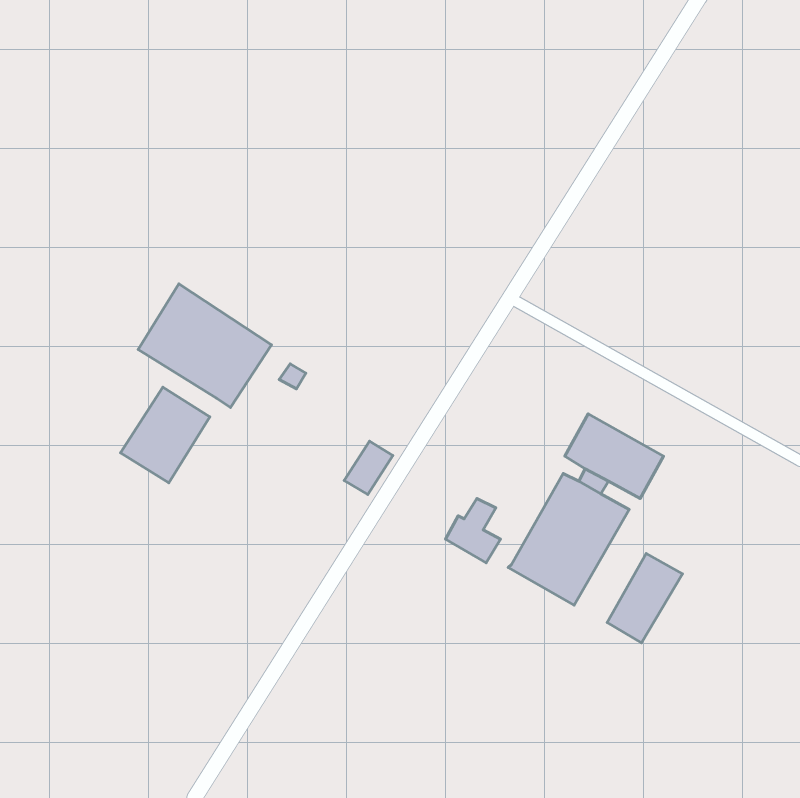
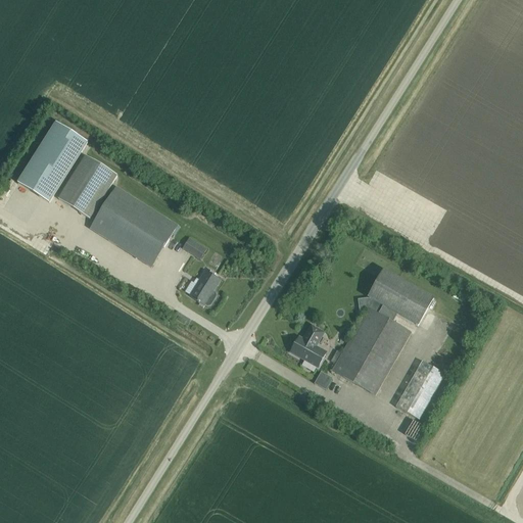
building: none -> [16,122,86,201]
building: [120,387,210,483] -> [58,154,116,217]
building: [344,441,393,495] -> [188,270,220,304]

